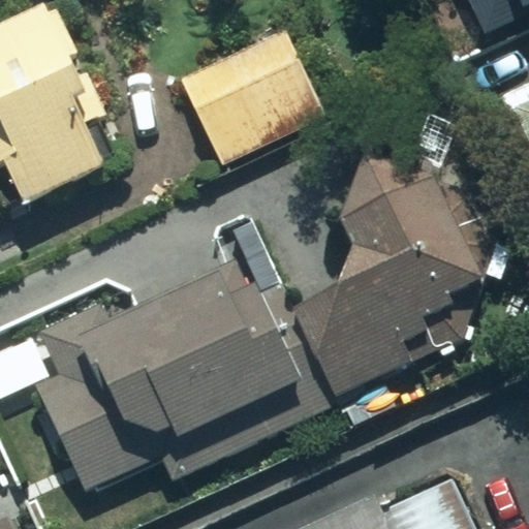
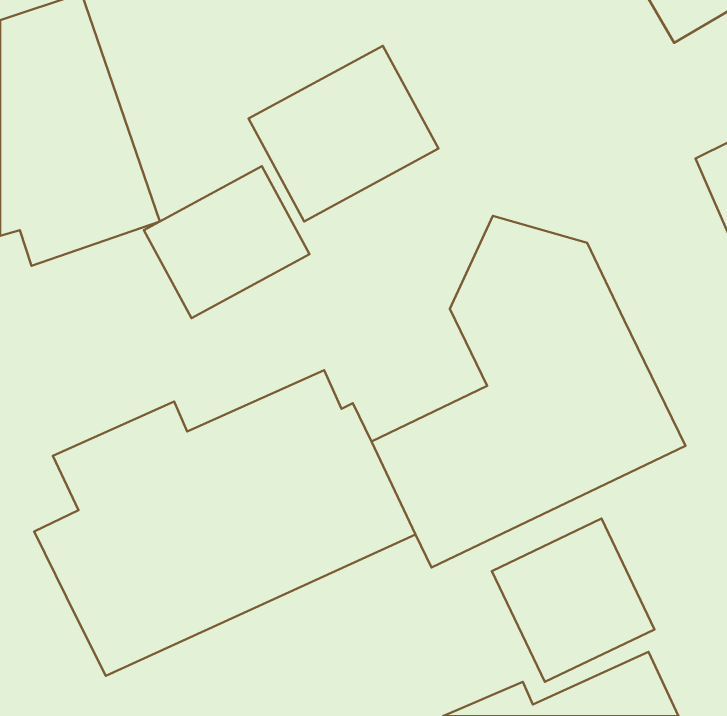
building: none -> [144,166,309,318]
building: none -> [492,519,654,682]

